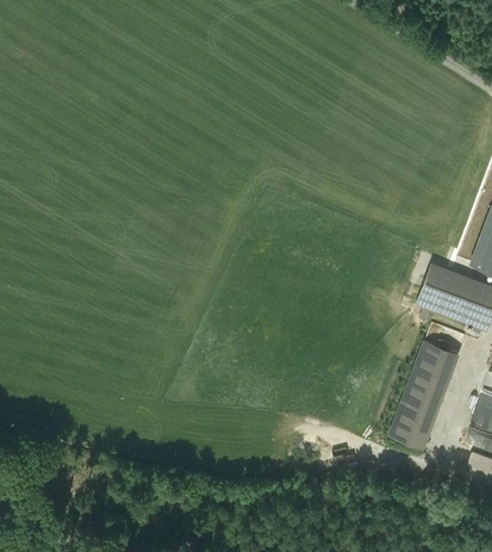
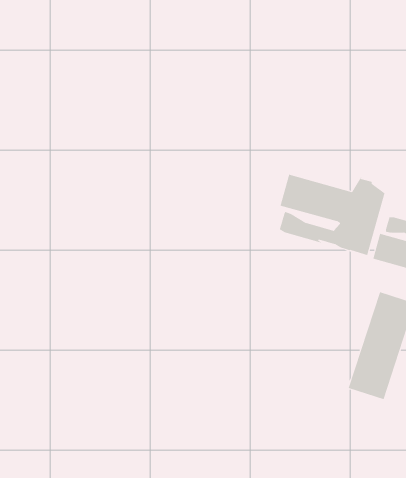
building: none -> [279,174,385,256]

